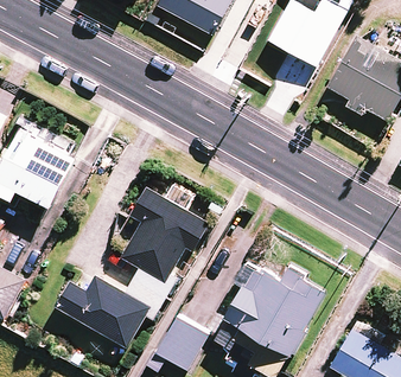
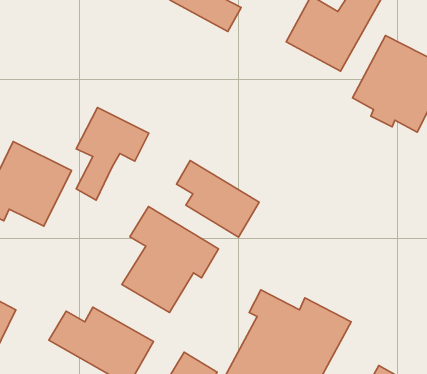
building: none -> [76,107,149,200]
building: none -> [177,160,259,237]

